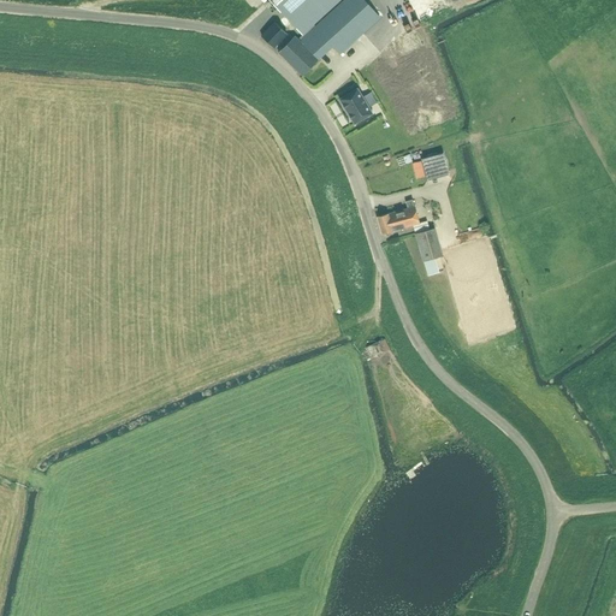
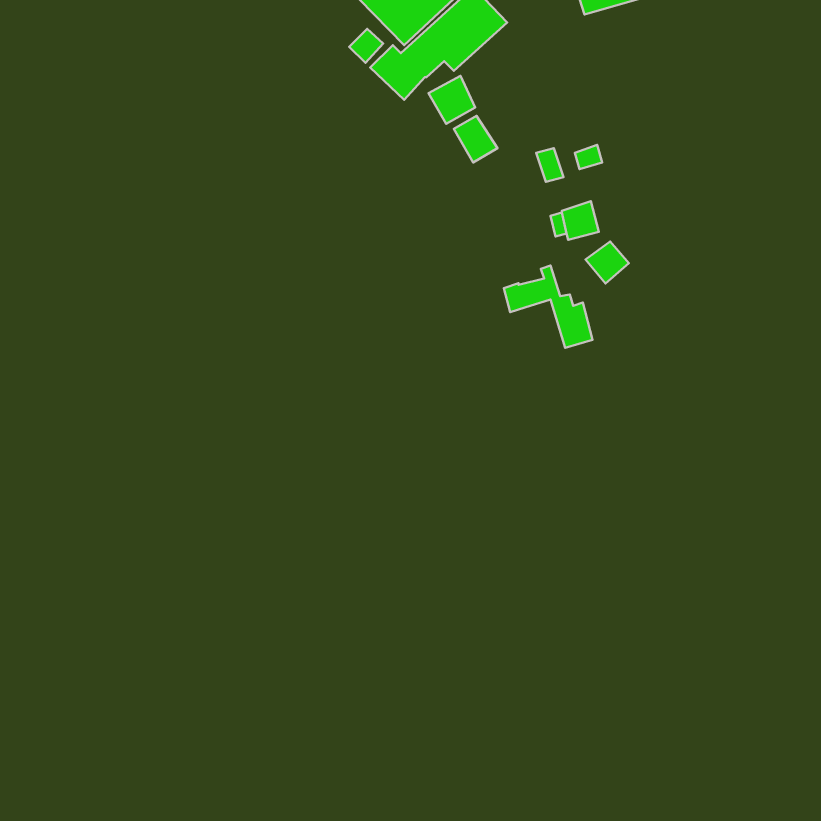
building: none -> [429,76,475,124]
building: none -> [585,241,629,284]

